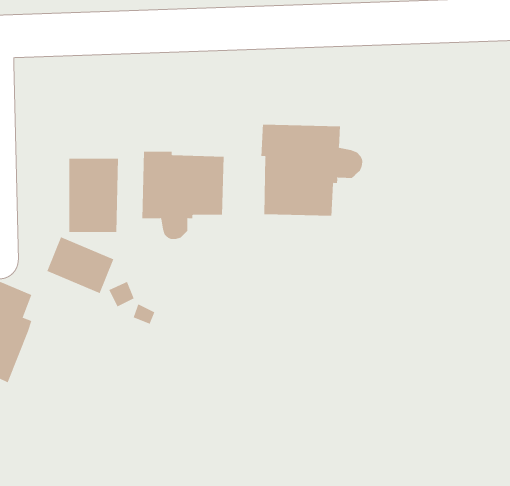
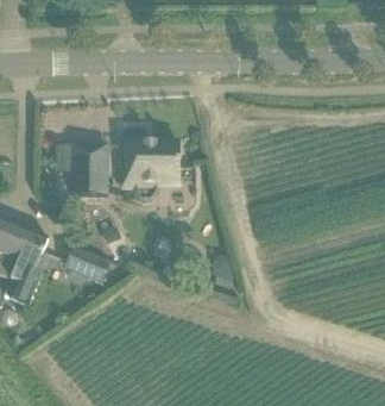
building: [261,124,363,216] -> none
building: [47,237,114,294] -> [63,245,109,285]

